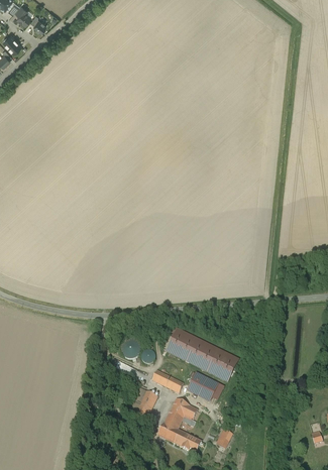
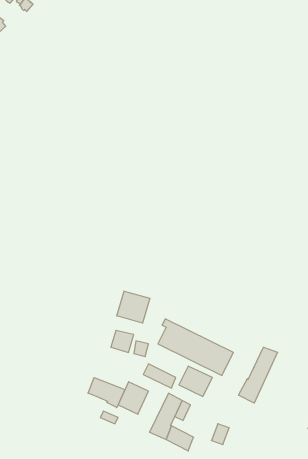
building: none -> [117,291,150,323]
building: none -> [239,347,277,403]
building: none -> [88,378,125,408]

